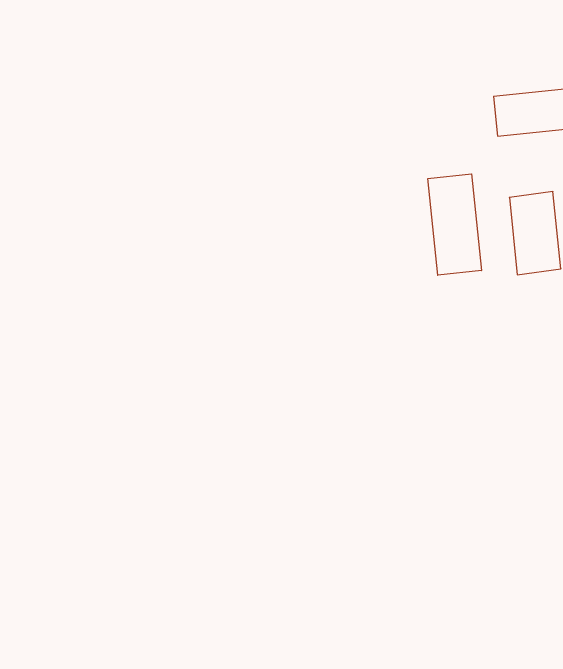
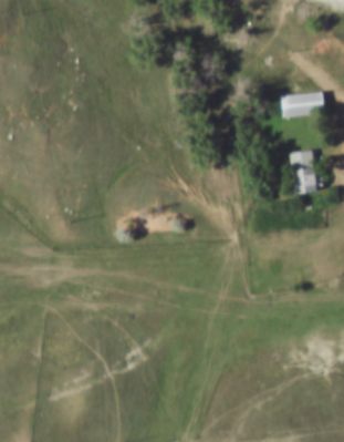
building: [428,174,481,275] -> none

